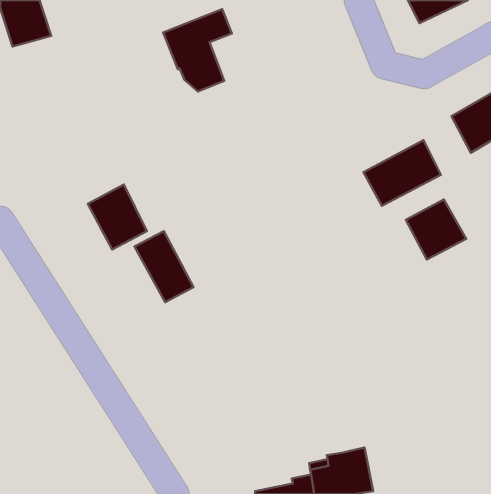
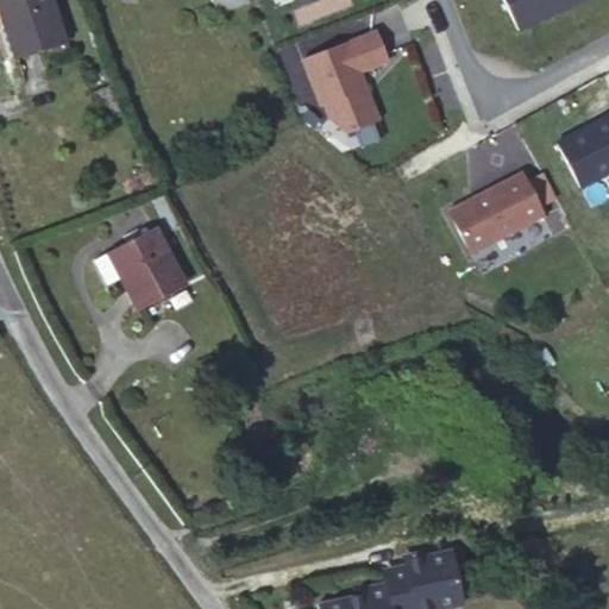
building: [163,9,232,91] -> [304,30,389,131]
building: [406,199,466,259] -> none
building: [134,231,193,302] -> none

